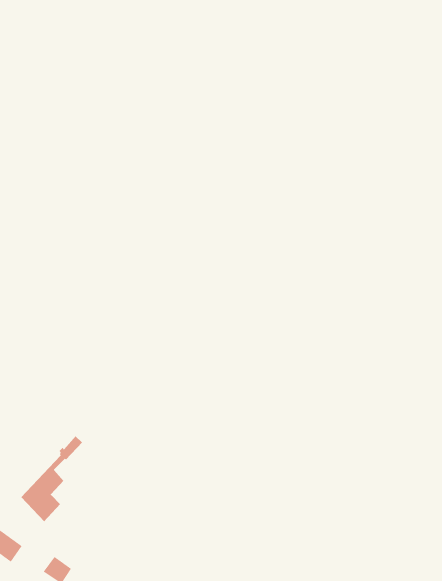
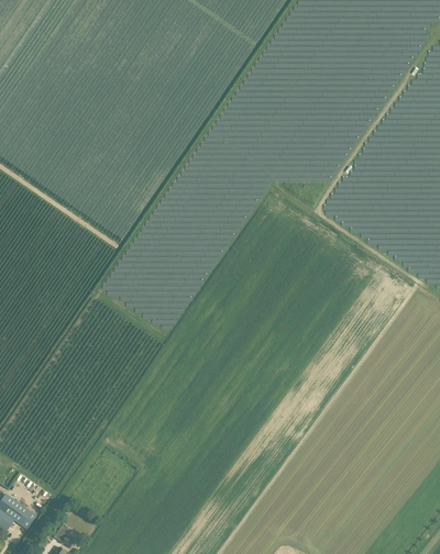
building: [20,435,83,522] -> none

